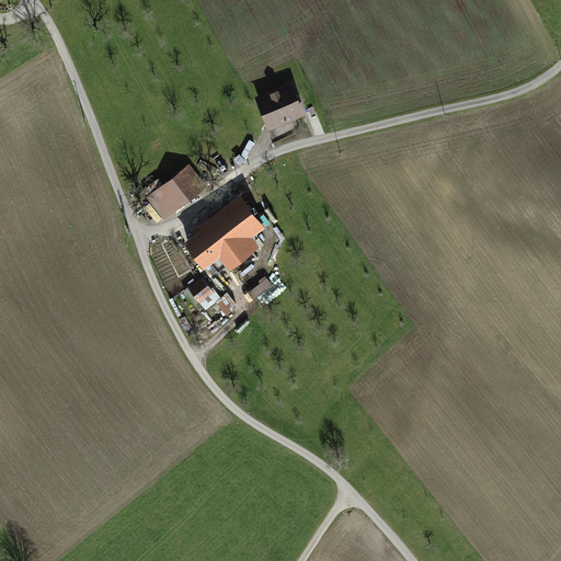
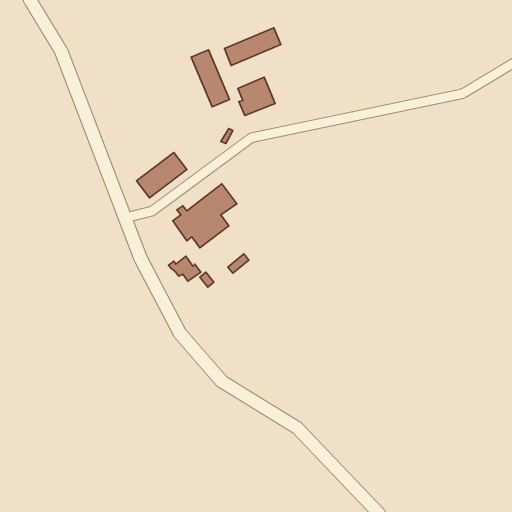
building: none -> [224,28,281,65]
building: none -> [191,50,229,107]

